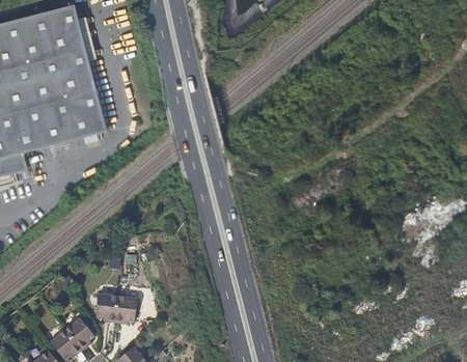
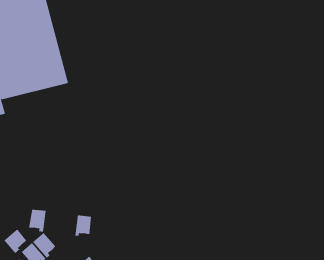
building: [94,293,117,322] -> [28,209,46,232]
building: none -> [3,228,27,254]

